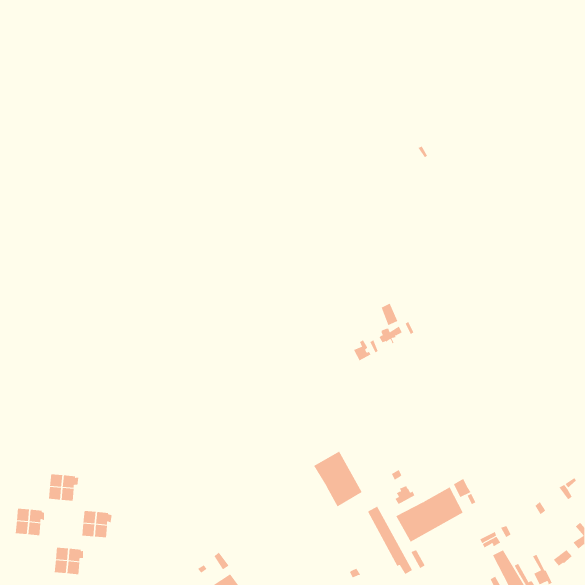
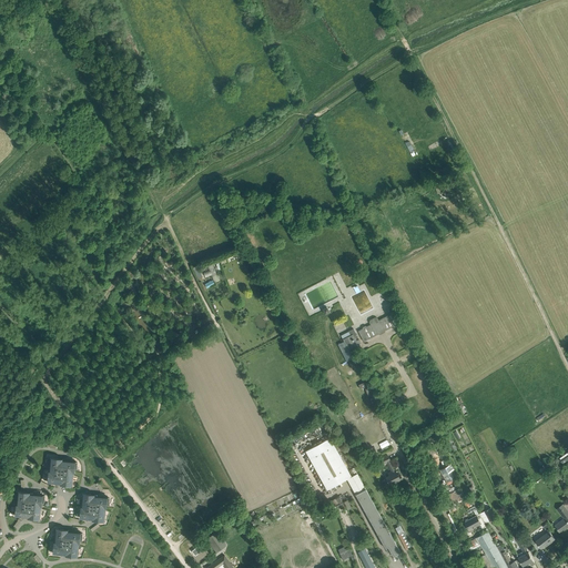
building: [396,487,463,543] -> none

